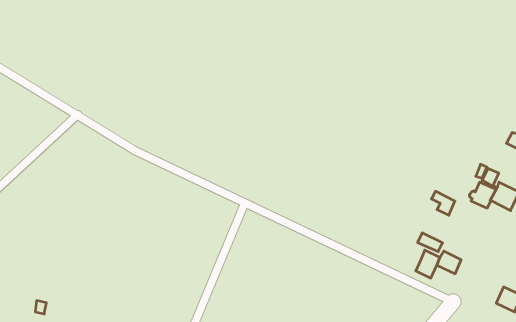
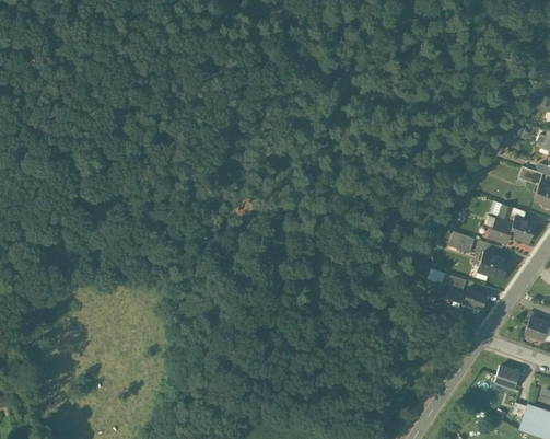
building: none -> [478,252,510,280]

